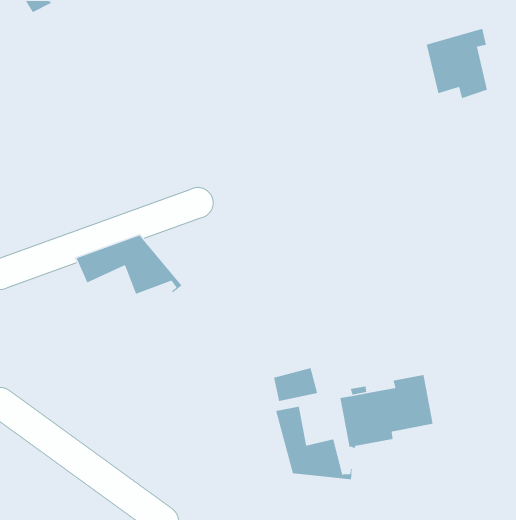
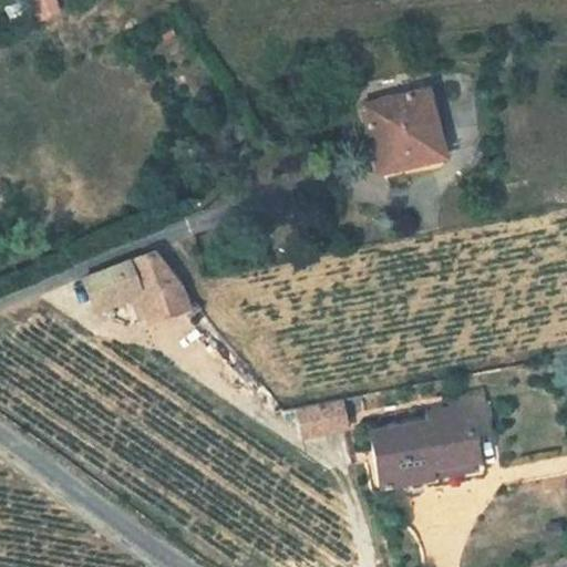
building: [426,28,488,99] -> [367,90,434,167]
building: [275,406,352,480] -> none

